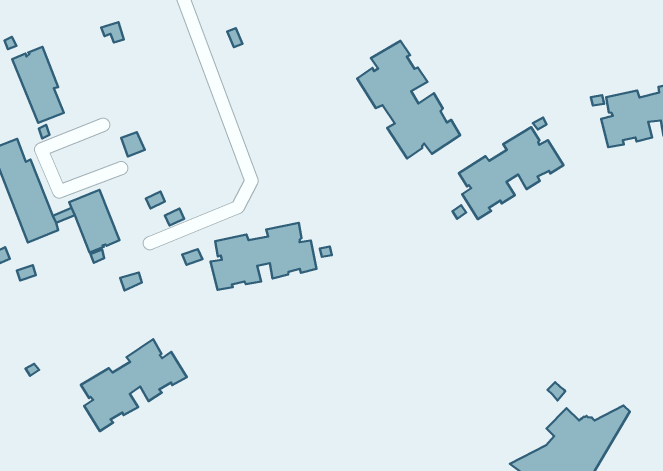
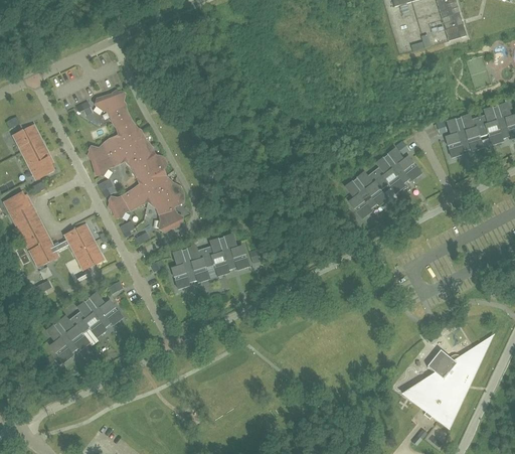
building: none -> [87,92,183,232]
building: [357,41,460,159] -> none
building: [81,339,187,431] -> [46,292,123,362]

